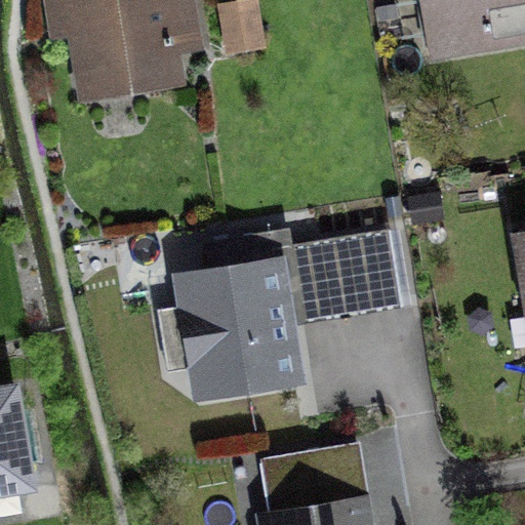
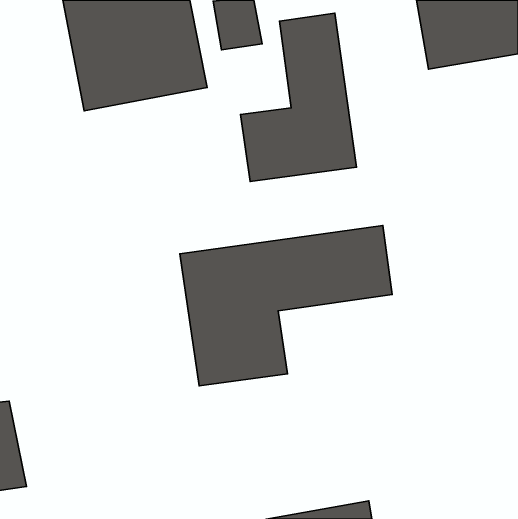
building: none -> [240,13,356,182]
building: [265,450,368,514] -> none

